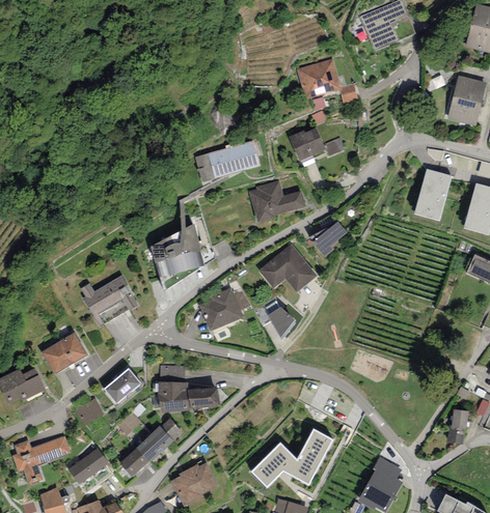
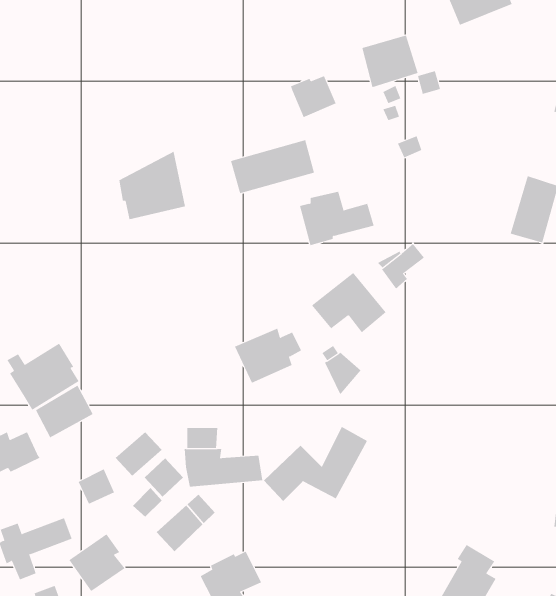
building: [289,127,325,161] -> [290,76,336,118]
building: [151,223,203,277] -> [118,151,186,220]
building: [80,275,137,327] -> [7,343,79,410]
building: [251,428,333,487] -> [263,426,368,502]
building: [119,447,151,478] -> [144,458,184,497]

